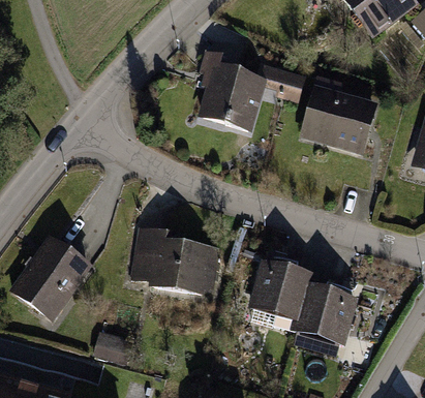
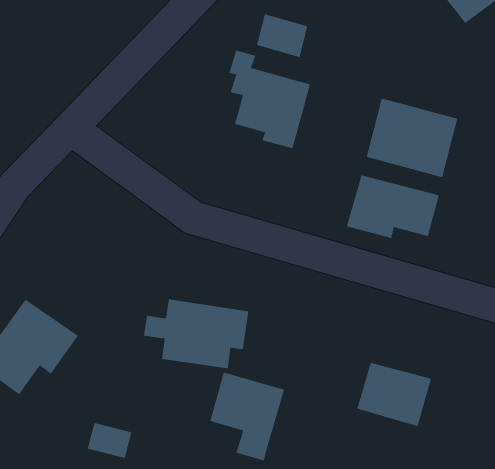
building: [269,67,308,100] -> [256,14,308,58]
building: none -> [346,175,439,239]
building: [253,264,310,331] -> [209,372,285,461]

